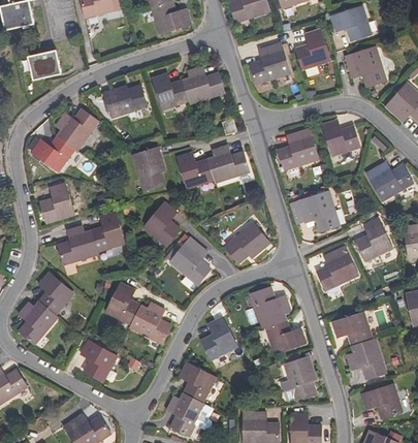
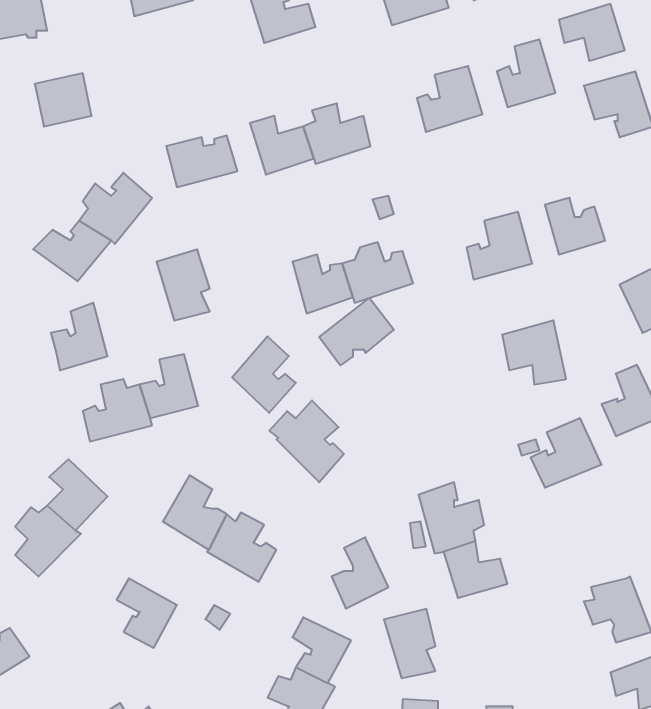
building: [133,147,164,188] -> [156,249,210,321]
building: [224,224,267,263] -> [319,298,394,365]
building: [335,315,373,347] -> none
building: [284,358,314,399] -> [384,609,435,678]

